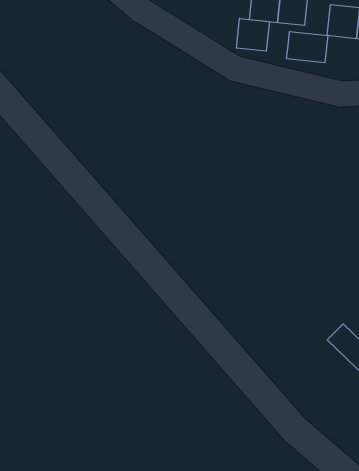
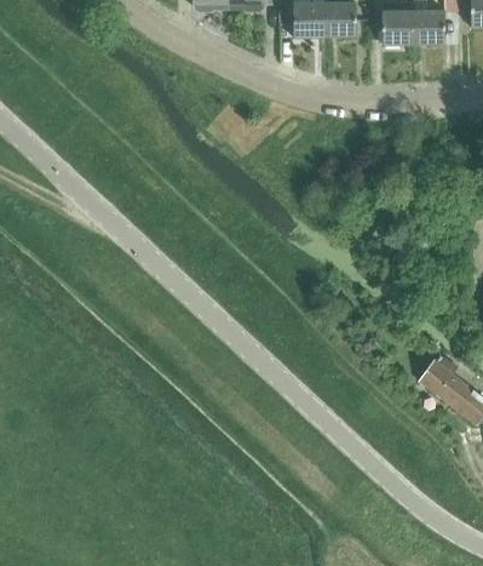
building: [236,18,269,51] -> none
building: [287,31,328,63] -> none

